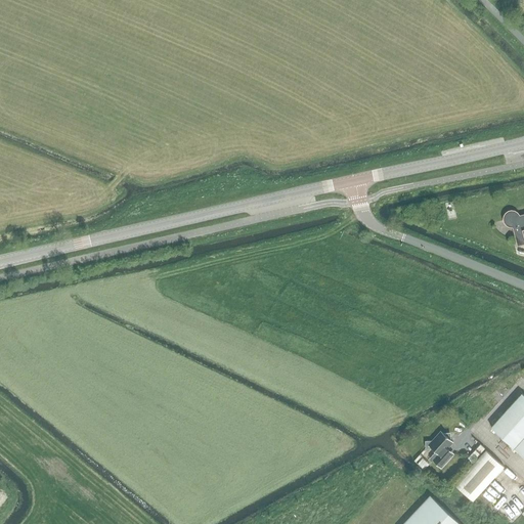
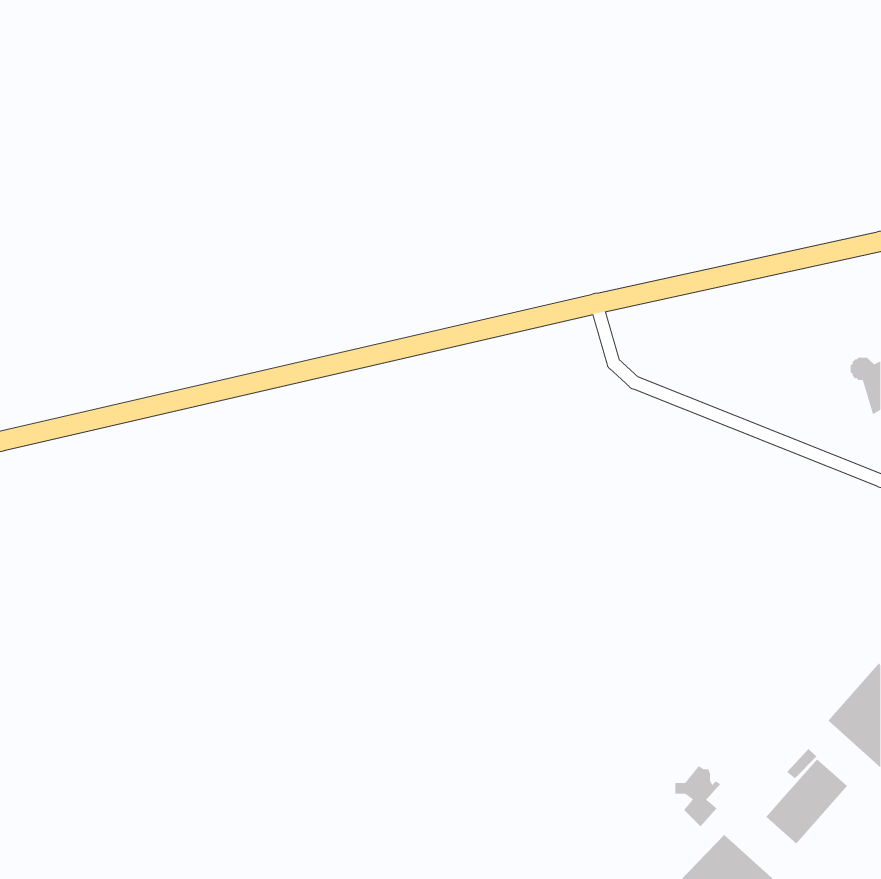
building: [426,432,453,469] -> [674,765,721,827]

